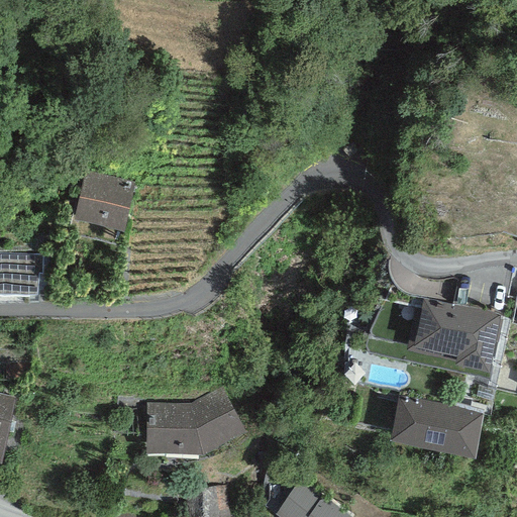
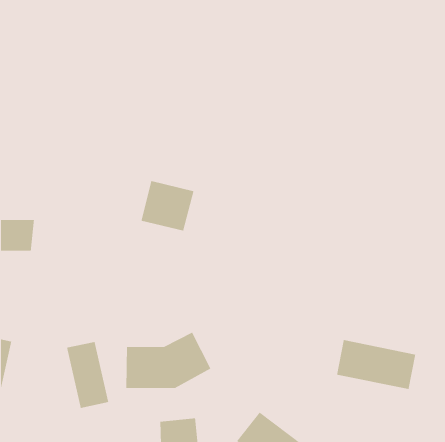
building: [73,173,135,232] -> [140,180,194,232]
building: [407,300,502,371] -> none
building: none -> [66,341,109,409]

